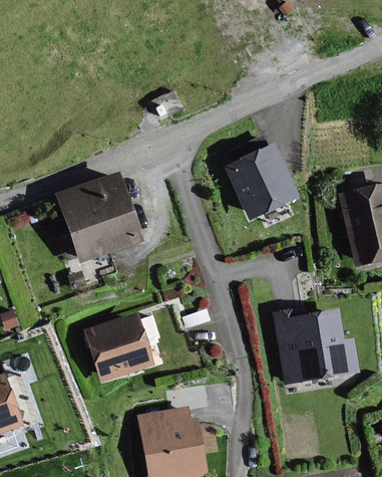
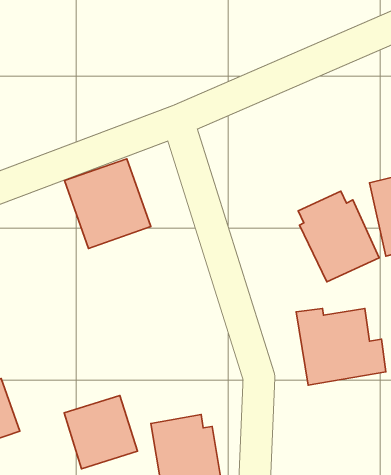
building: [225,136,299,219] -> [298,191,379,282]
building: [87,313,154,381] -> [64,395,137,469]

